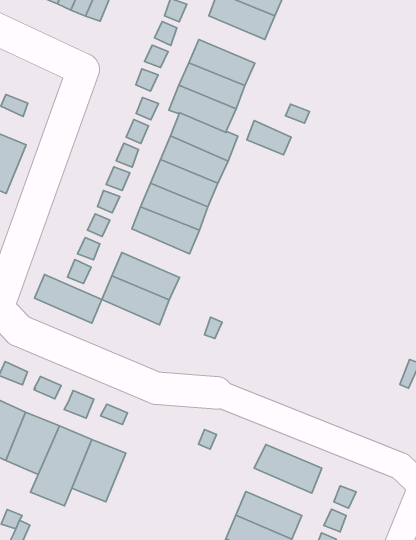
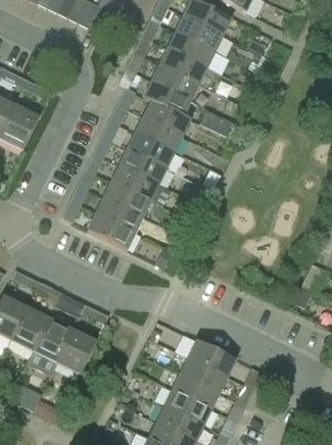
building: none -> [168,32,215,67]
building: [34,274,102,323] -> [103,180,151,216]
building: none -> [181,355,228,391]

